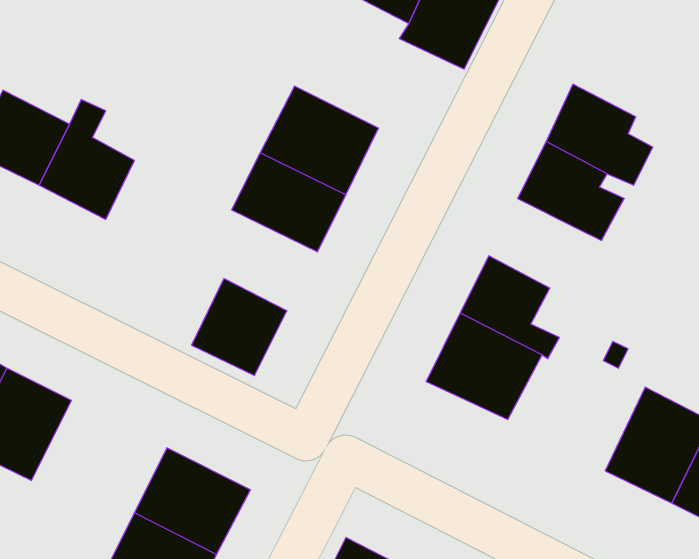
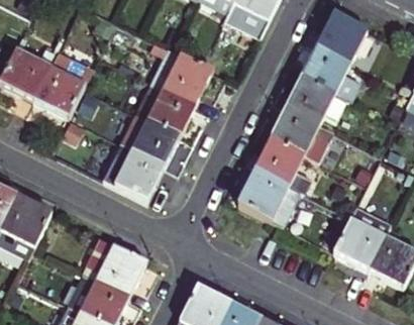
building: none -> [317,10,369,67]
building: none -> [273,106,336,161]
building: none -> [120,112,182,166]

